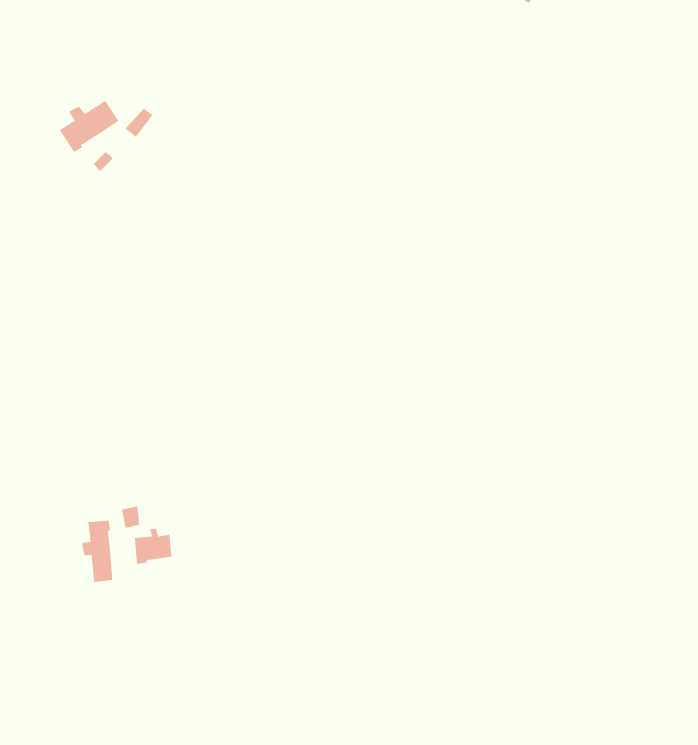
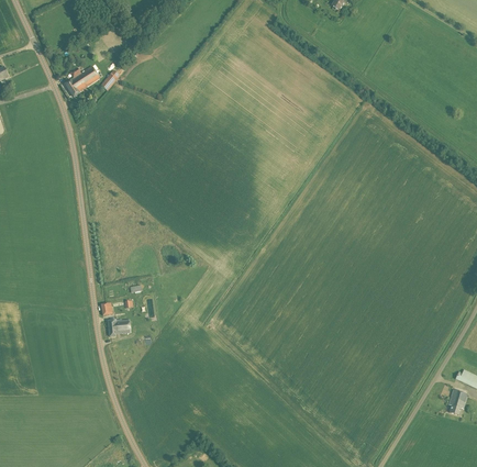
building: [82,520,113,583] -> none

